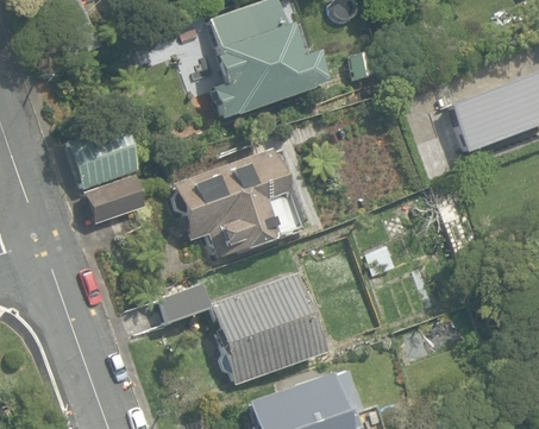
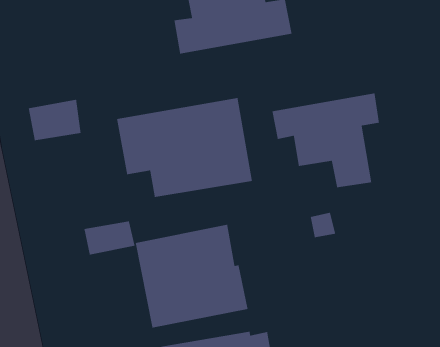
building: [68,125,130,188] -> none
building: none -> [272,92,380,188]

